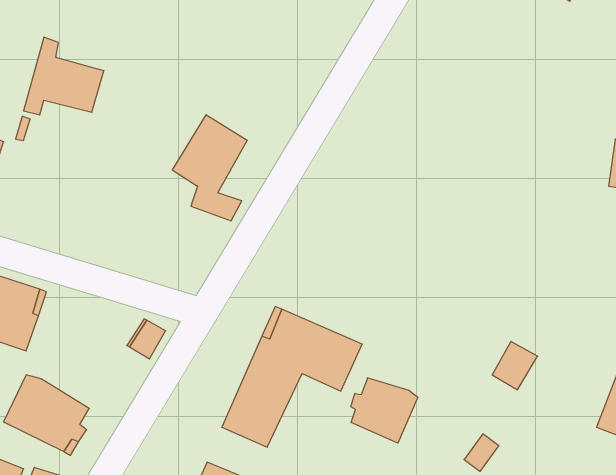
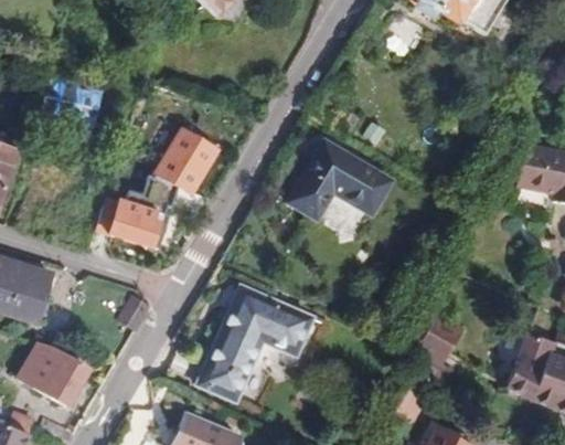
building: none -> [290,140,391,230]
building: none -> [96,195,161,245]
building: [351,378,418,443] -> none

